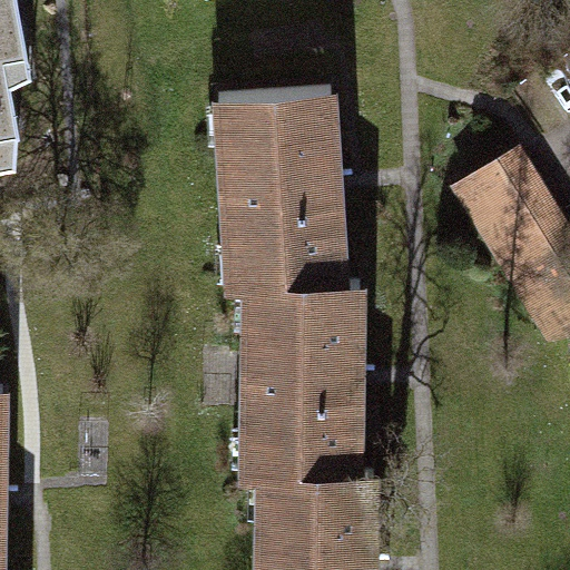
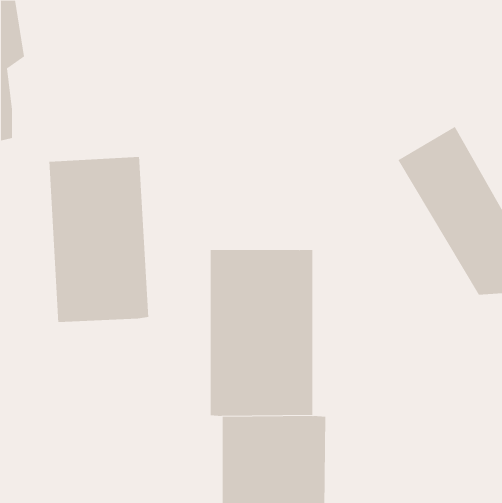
building: [214,89,342,285] -> none
building: none -> [49,156,149,323]

